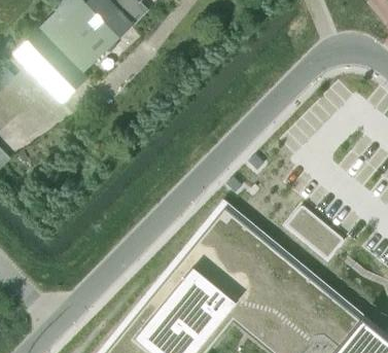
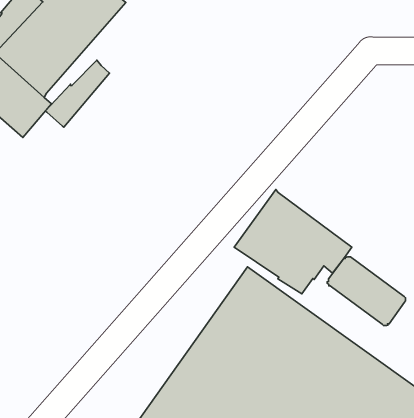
building: none -> [46,60,110,127]
building: none -> [234,190,352,294]

